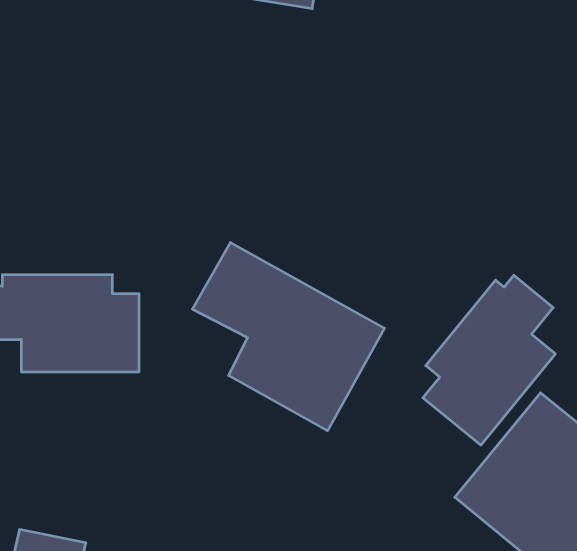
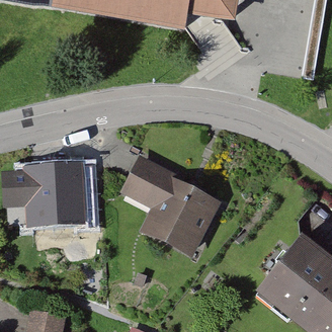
building: [423,275,555,445] -> none

